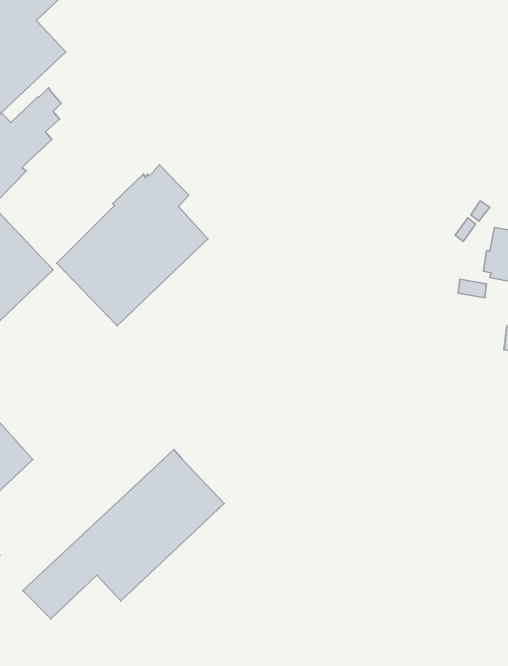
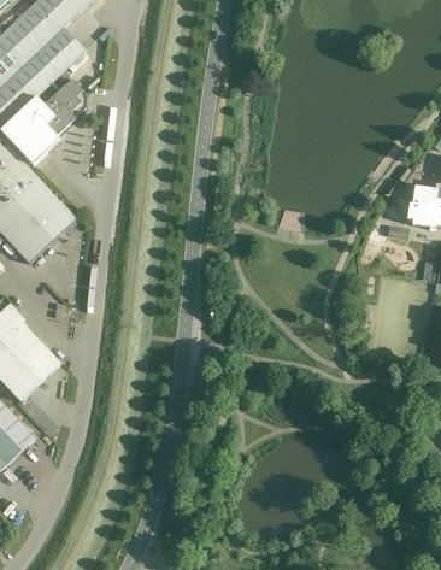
building: [57,165,208,326] -> none
building: [23,450,224,619] -> none

